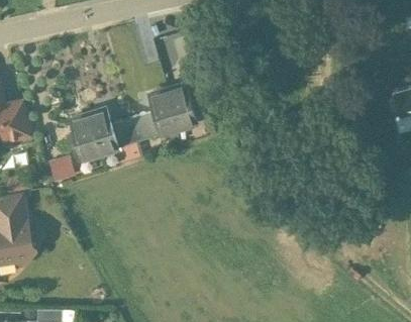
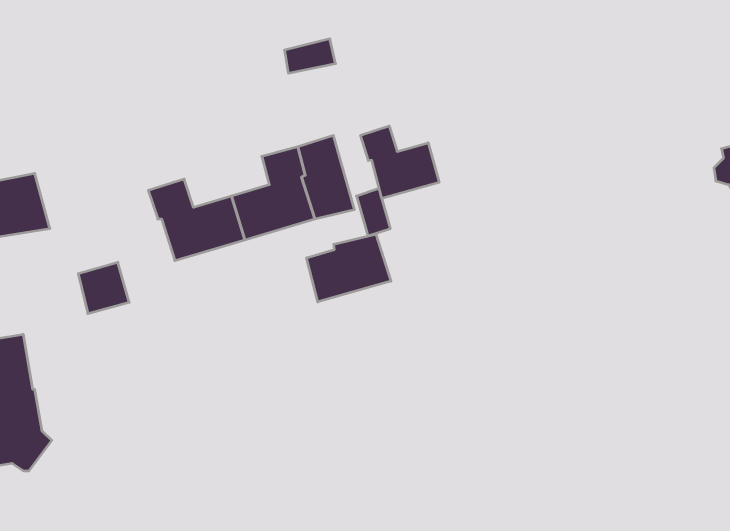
building: none -> [361,126,439,198]
building: [69,116,101,159] -> none
building: none -> [307,234,391,302]

